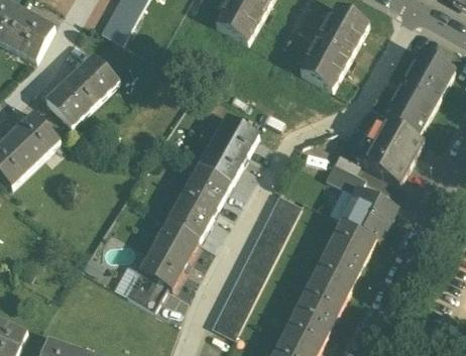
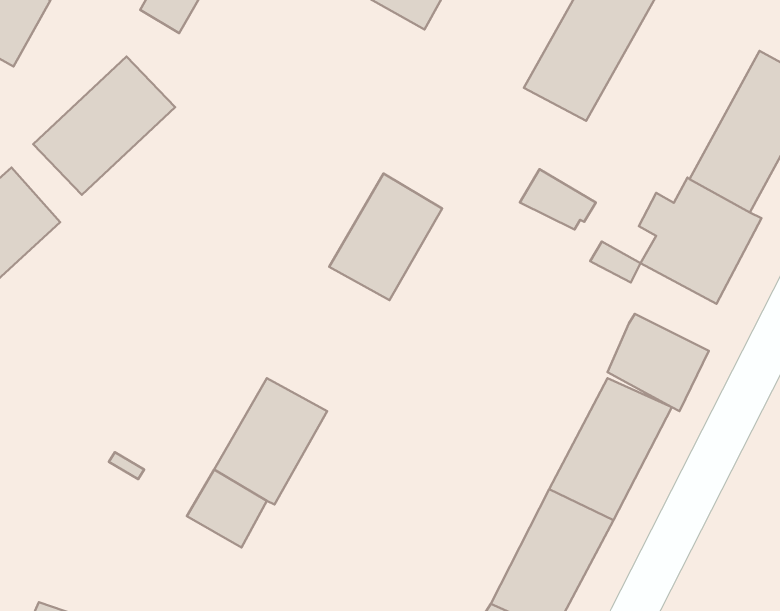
building: [326,162,365,194] -> [520,169,596,230]
building: [166,164,230,239] -> none
building: [212,194,297,336] -> none

